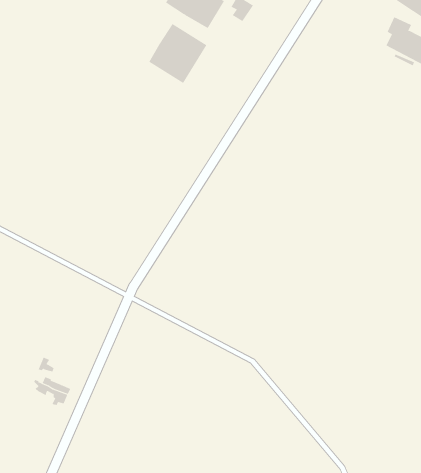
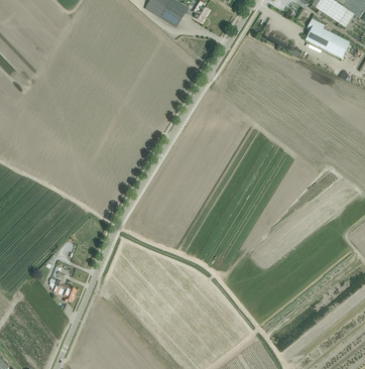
building: [148,23,207,84] -> none

